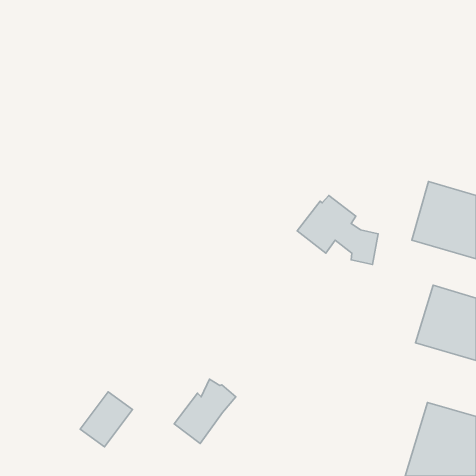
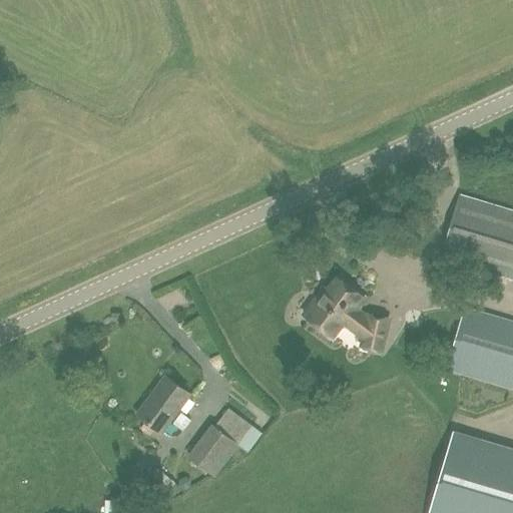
building: [297,196,378,264] -> [303,277,390,351]
building: [80,392,132,447] -> [136,375,192,434]

